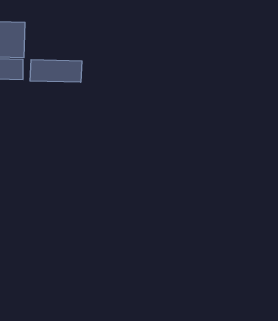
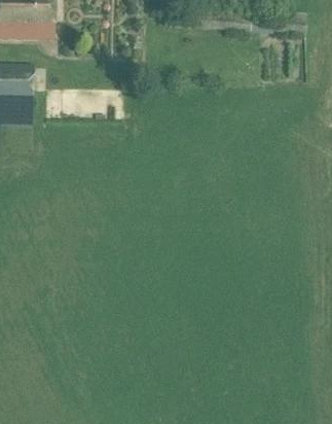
building: [30,60,82,82] -> none

